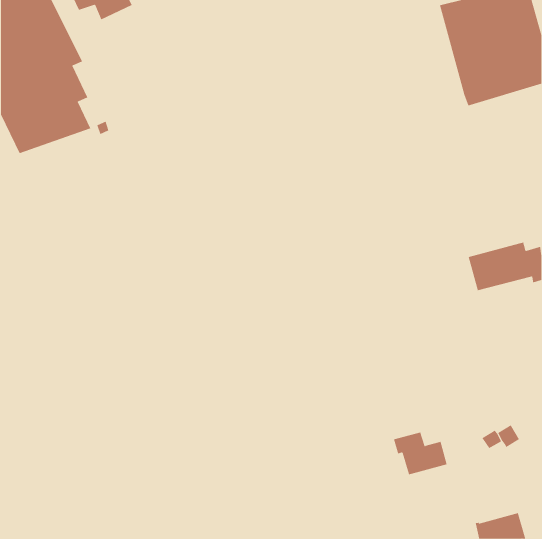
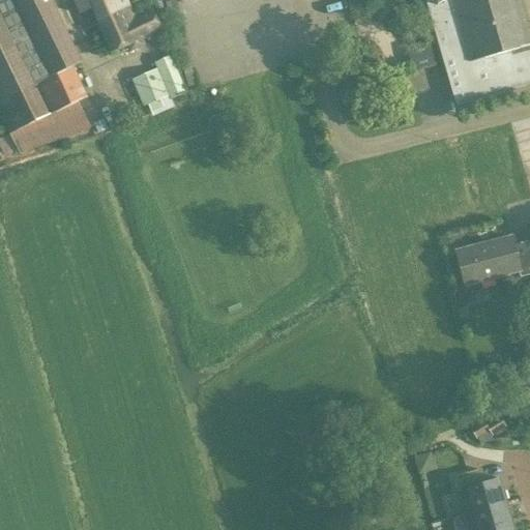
building: none -> [98,5,160,50]
building: none -> [130,54,186,105]
building: [393,432,447,475] -> [453,468,506,510]

